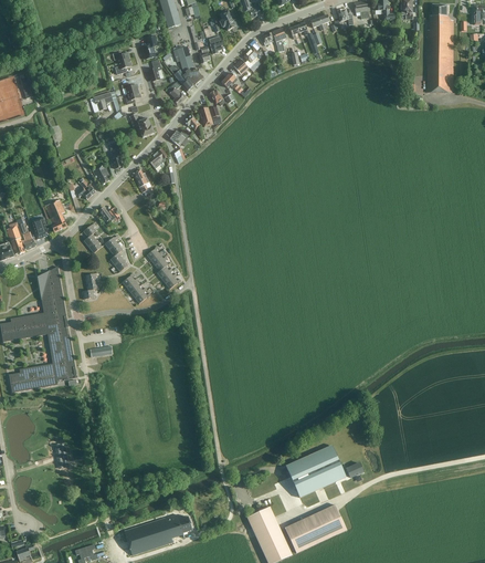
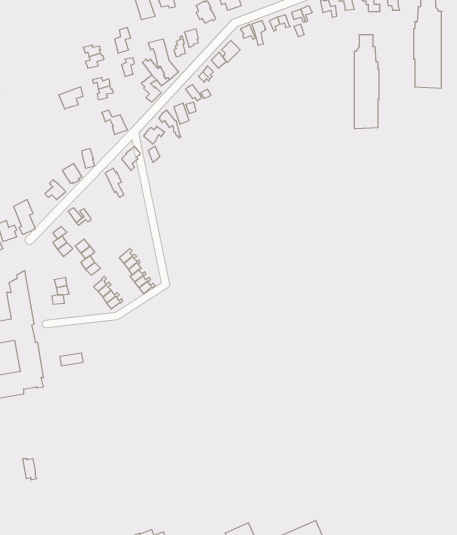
building: none -> [355,35,379,129]
building: [284,444,363,497] -> none

